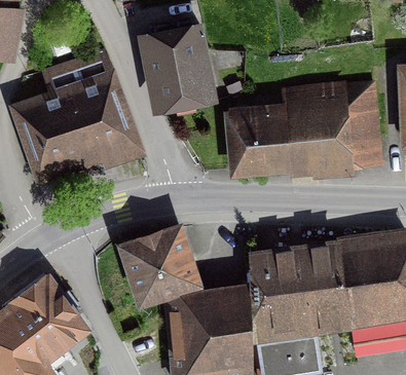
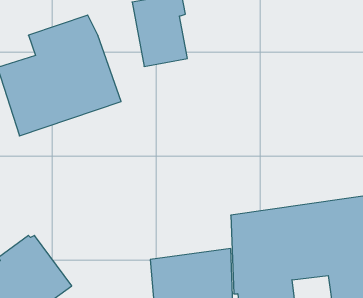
building: [230,84,377,170] -> none
building: [123,227,196,301] -> none

